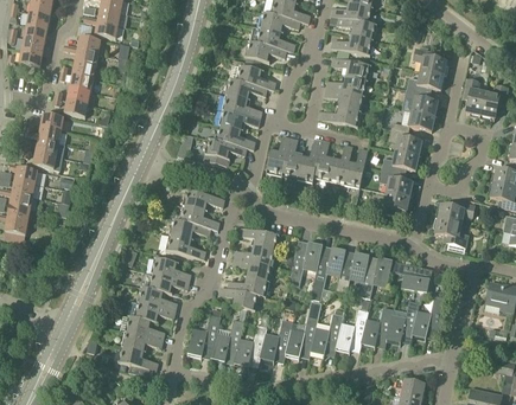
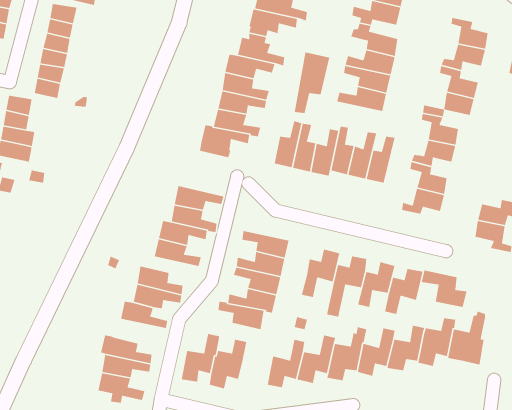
building: none -> [294,52,330,114]
building: [129,301,176,323] -> none
building: [234,324,267,366] -> none

